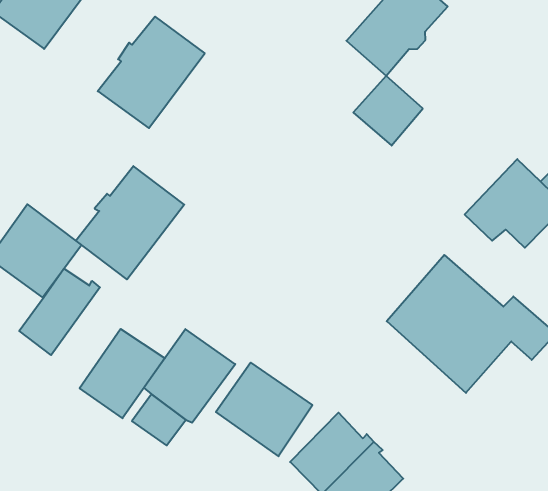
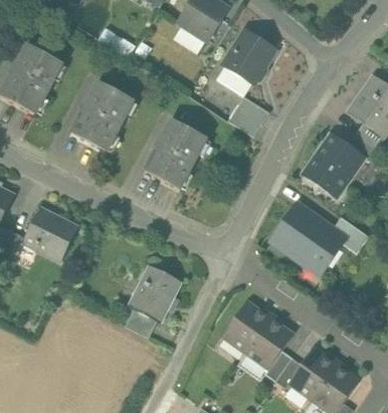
building: [76,166,184,279] -> [146,121,207,189]
building: [19,269,100,355] -> none
building: [80,329,165,418] -> none
building: [216,363,312,456] -> none

